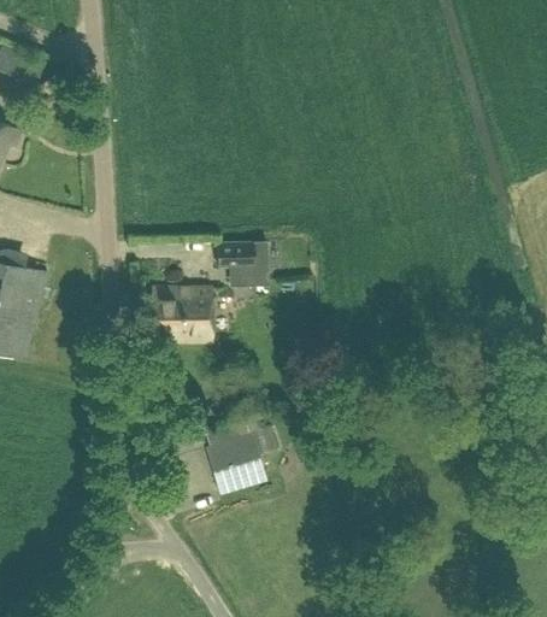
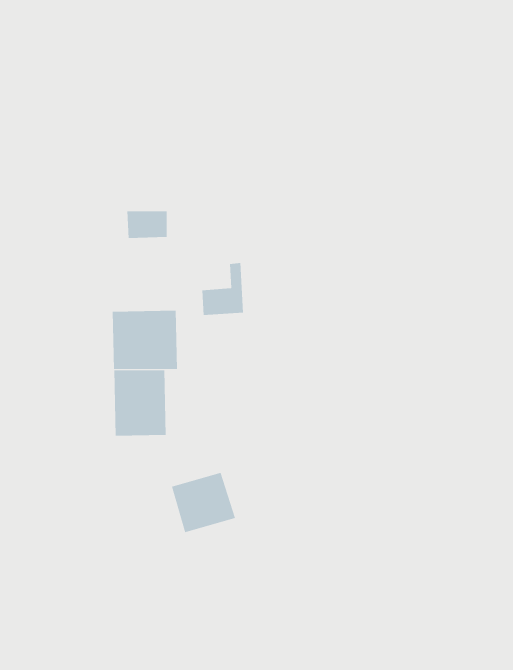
building: [216,240,253,265] -> [127,211,168,239]
building: none -> [114,369,166,437]

